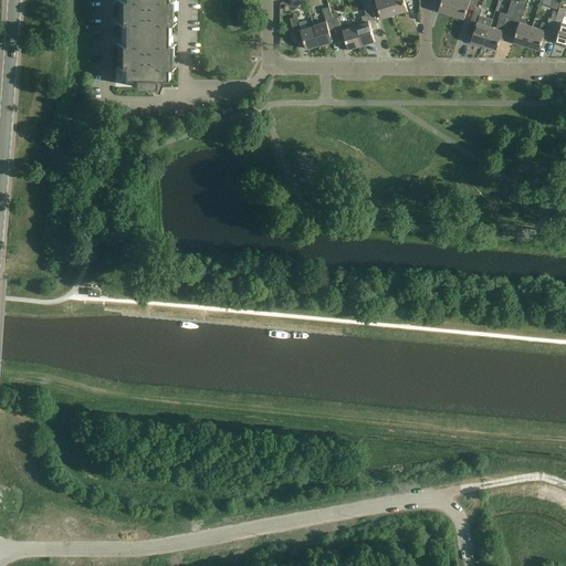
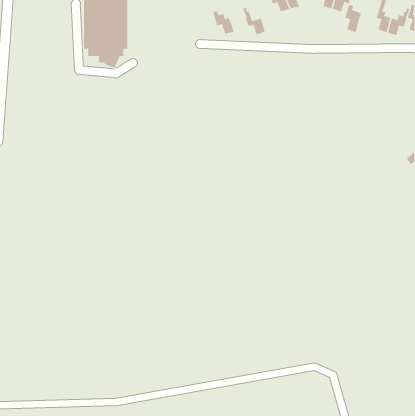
building: [311,4,333,43] -> none
building: [354,4,376,43] -> none
building: [482,15,511,48] -> none

